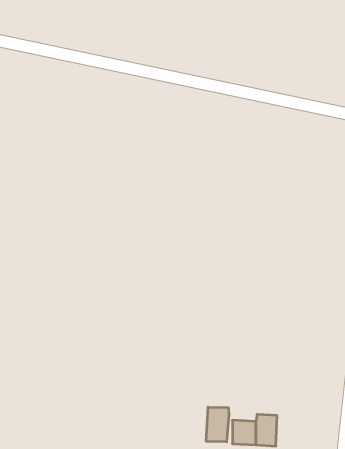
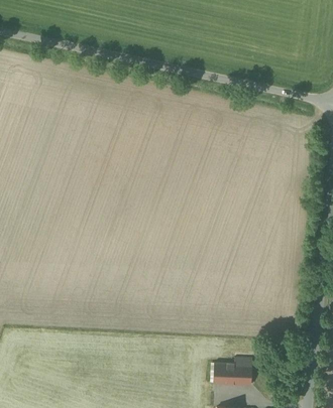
building: [206,407,229,442] -> none

